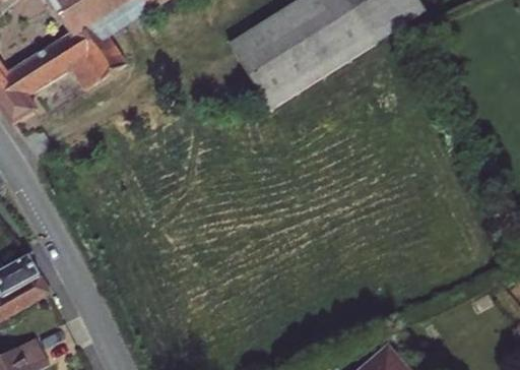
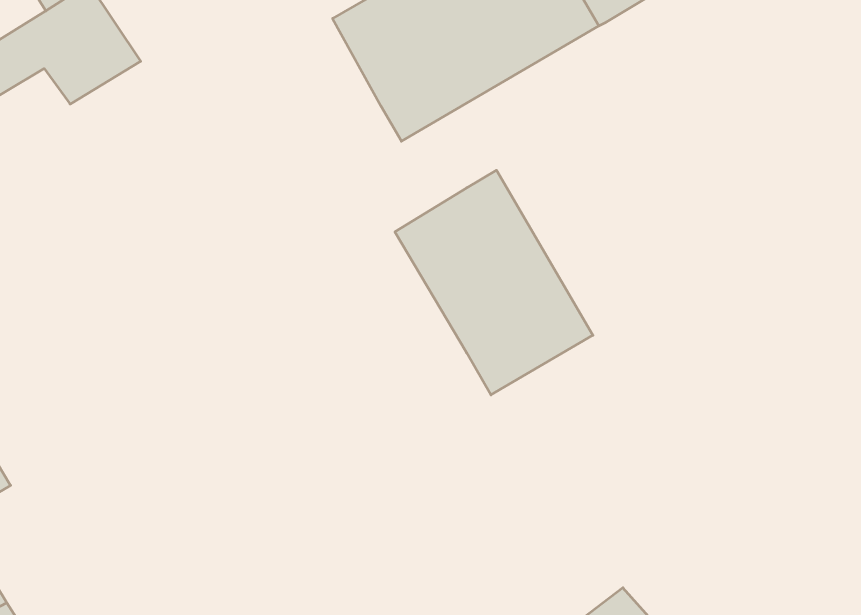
building: none -> [395,170,593,395]

